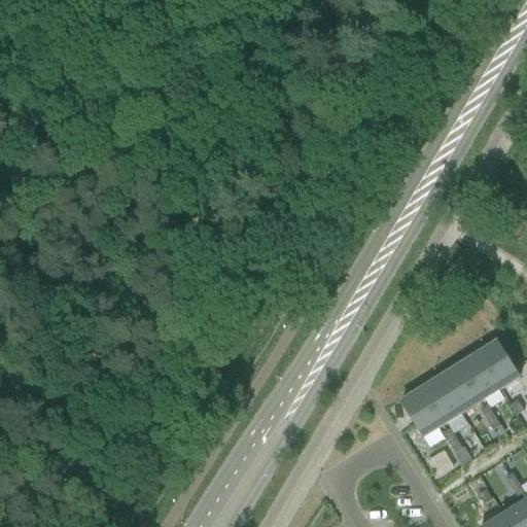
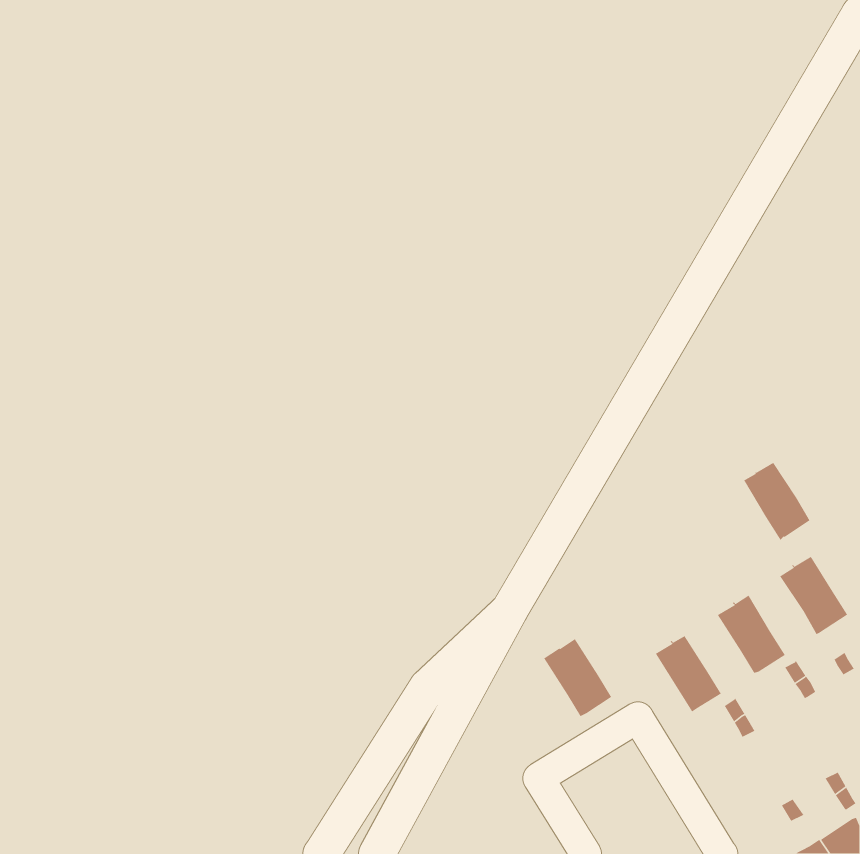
building: [458,352,499,400] -> [743,462,810,541]
building: [419,376,461,424] -> [543,638,612,717]

